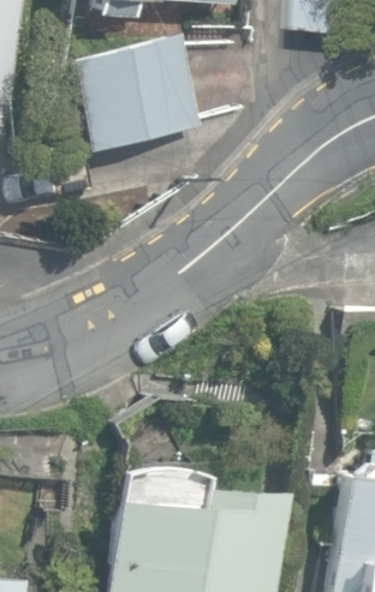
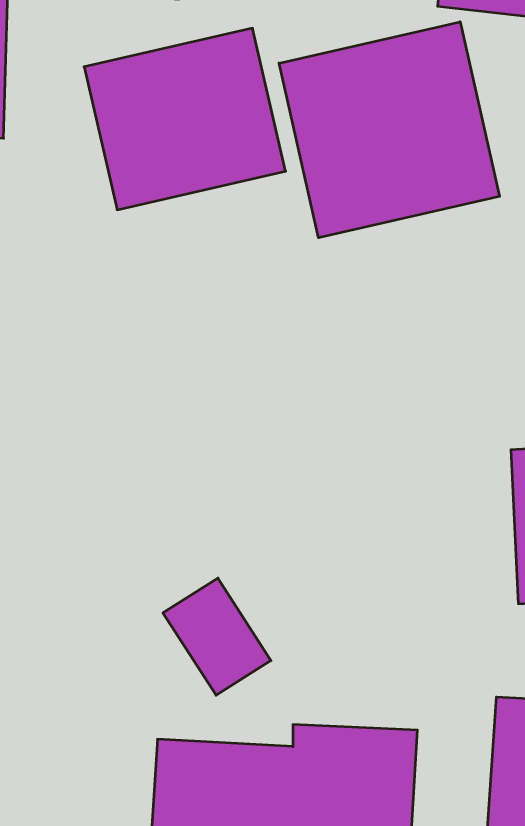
building: none -> [279,22,500,238]

